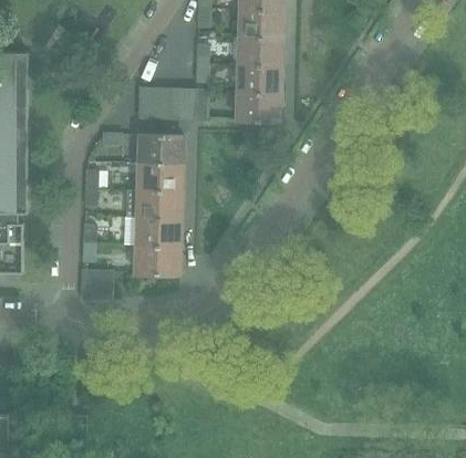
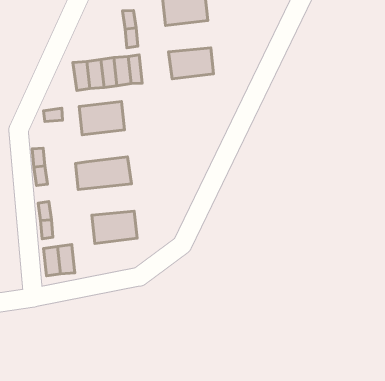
building: [237,67,281,96] -> none
building: [138,165,182,194] -> none
building: [124,219,180,249] -> none

